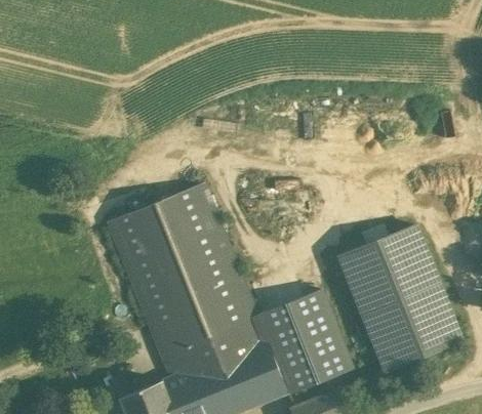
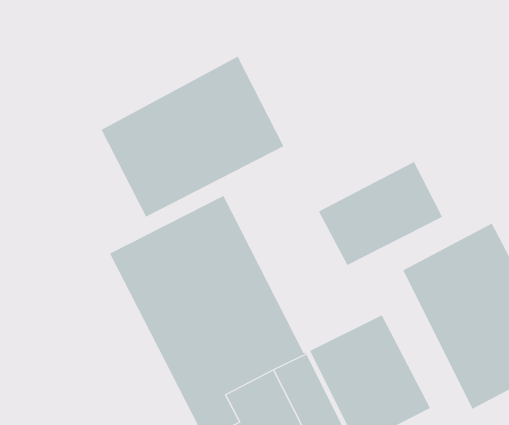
building: none -> [101,56,284,217]
building: none -> [318,161,443,266]

